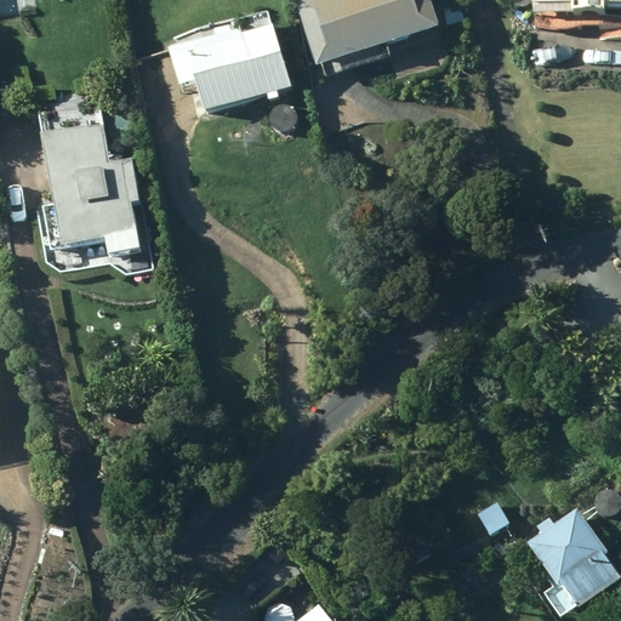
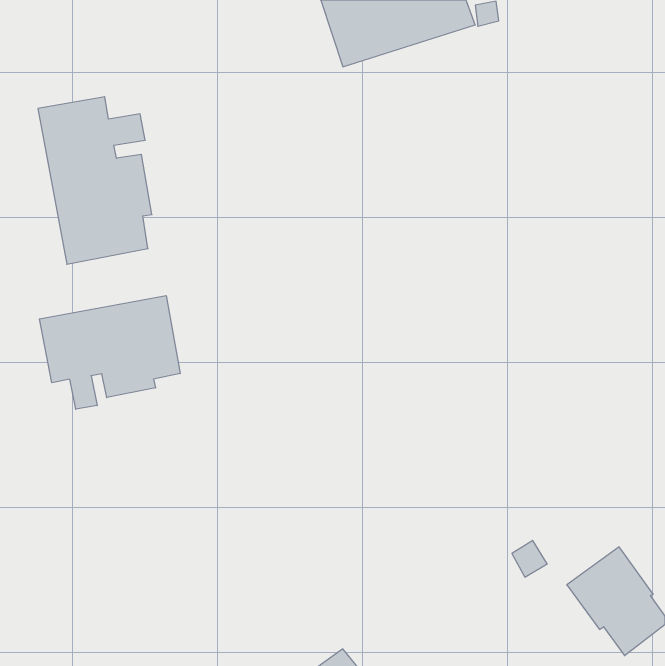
building: [169,13,291,110] -> none
building: none -> [39,296,180,409]

